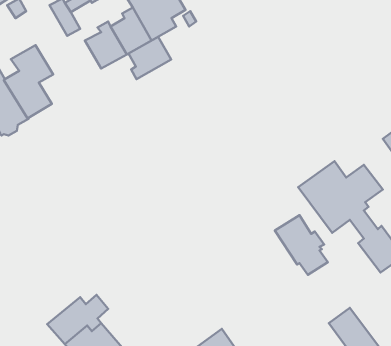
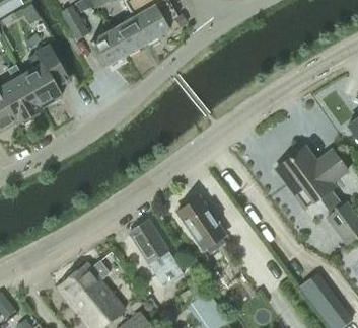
building: [128,37,171,79] -> none
building: [275,215,328,275] -> [177,197,223,249]
building: none -> [128,219,184,288]

